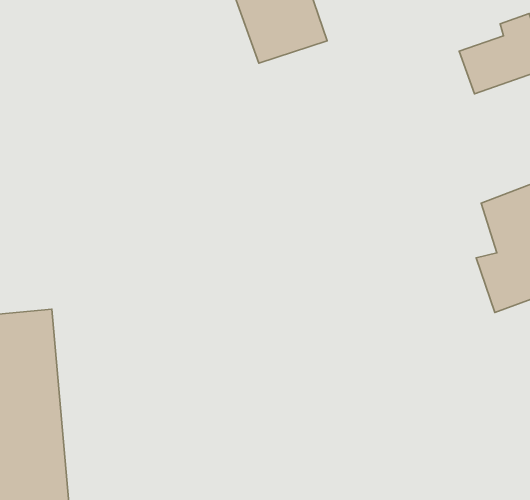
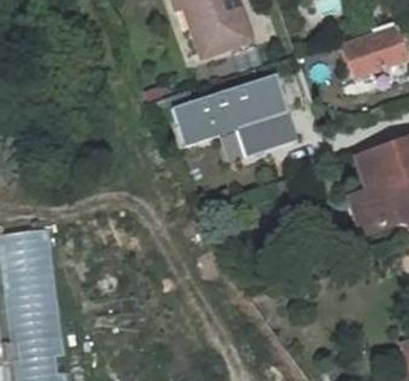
building: none -> [176,72,302,156]

